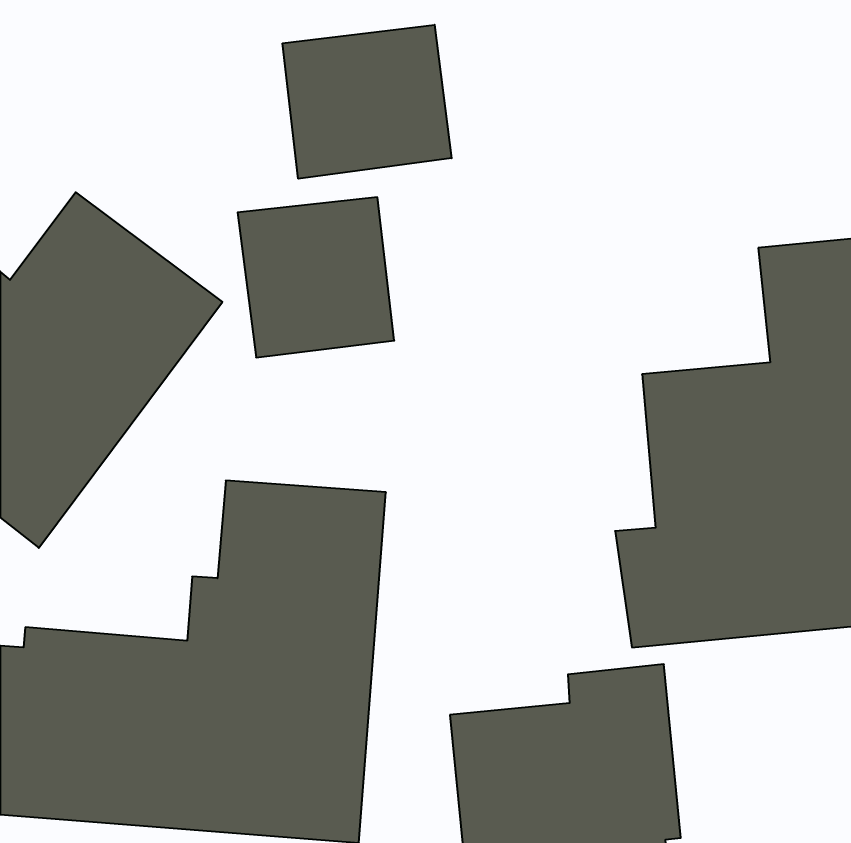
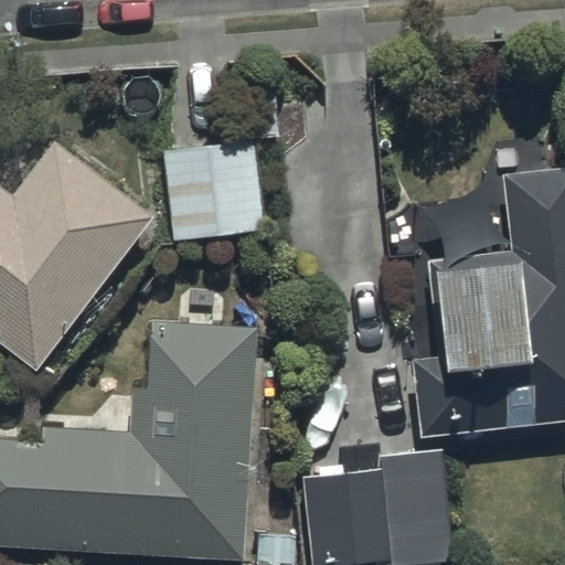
building: [283,25,452,179] -> none

